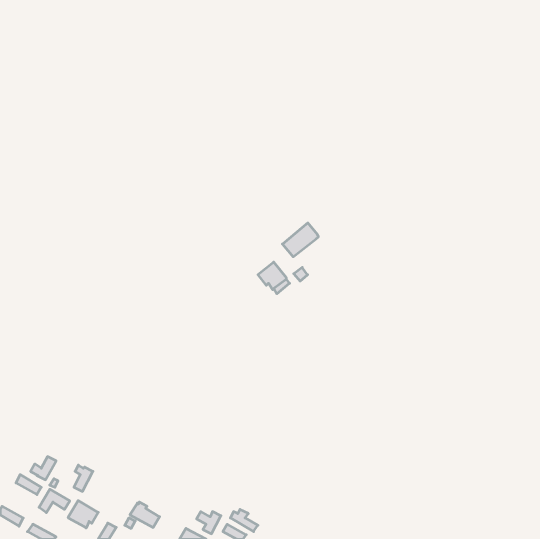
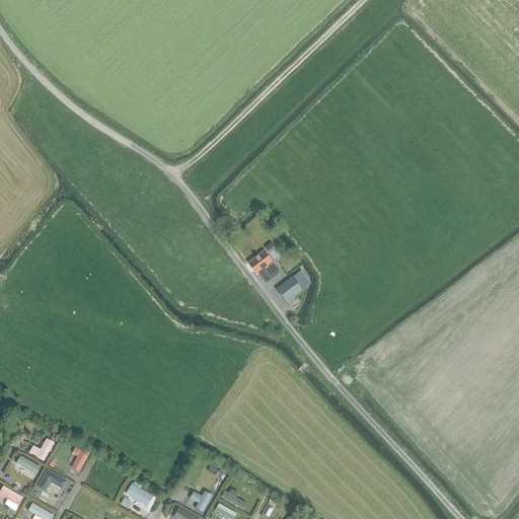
building: [282,223,318,257] -> [276,270,310,302]
building: [68,501,98,528] -> none

